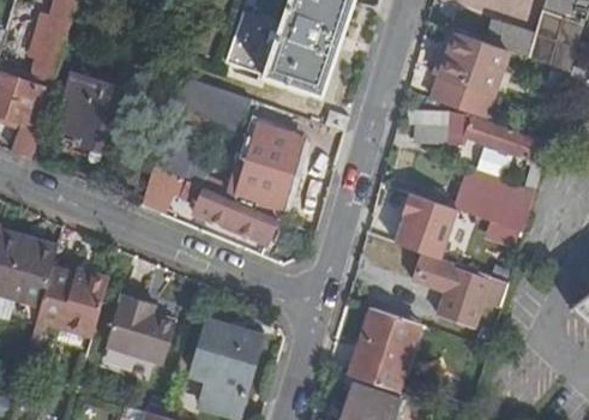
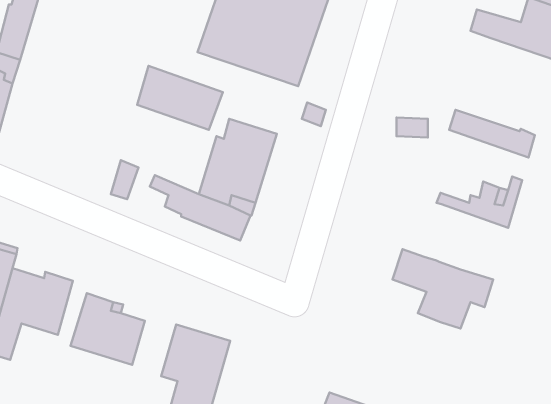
building: [431,31,505,116] -> none
building: [54,72,124,151] -> none
building: [393,192,458,258] -> none
building: [348,306,417,390] -> none

